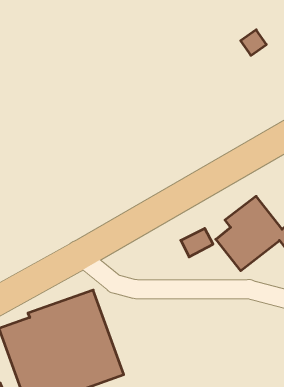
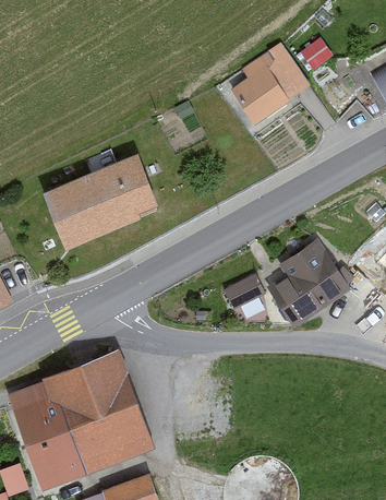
building: none -> [230,44,307,124]
building: none -> [40,157,155,247]

